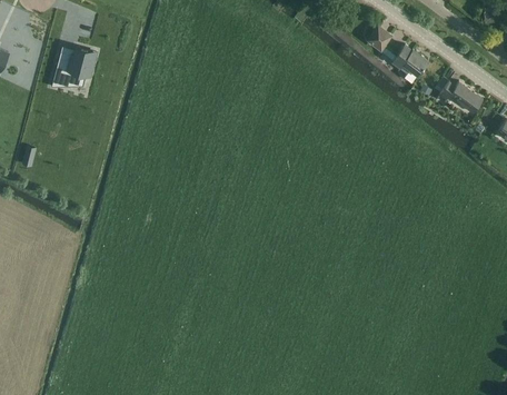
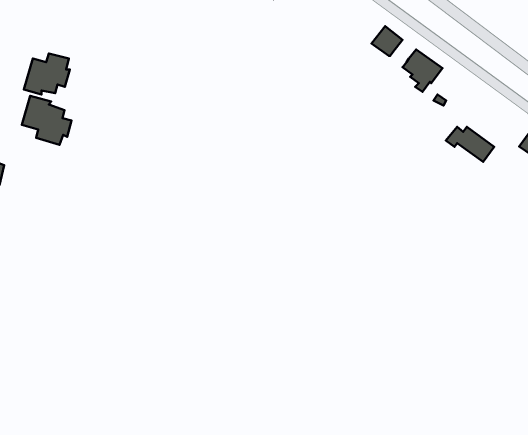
building: [439,82,483,113] -> [446,127,494,162]
building: none -> [22,96,72,145]

